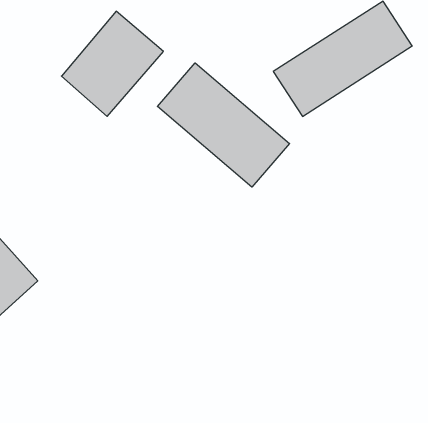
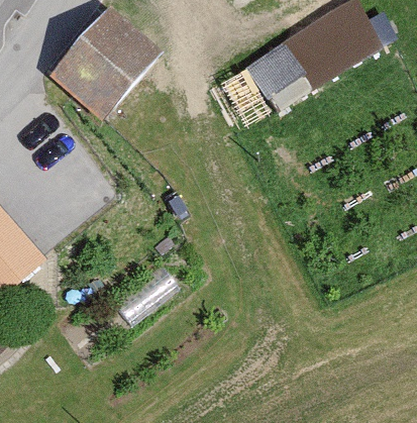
building: [157,63,290,187] -> none

